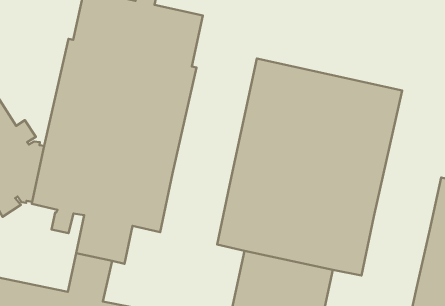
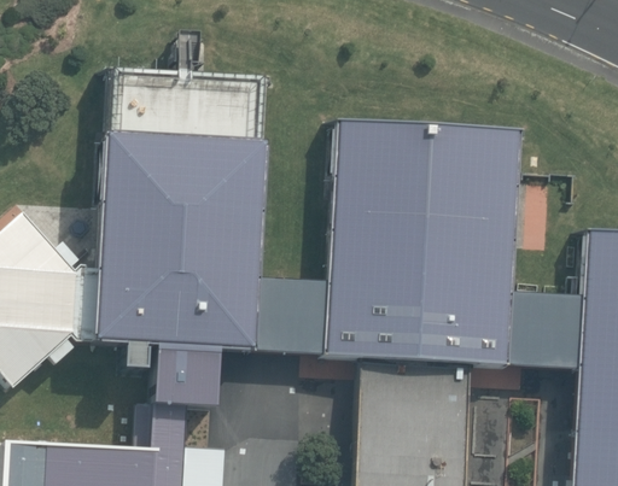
building: none -> [252,279,328,357]
building: none -> [508,292,583,371]

